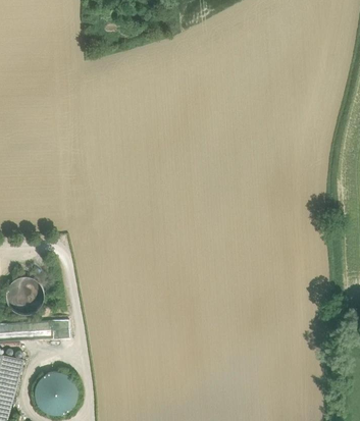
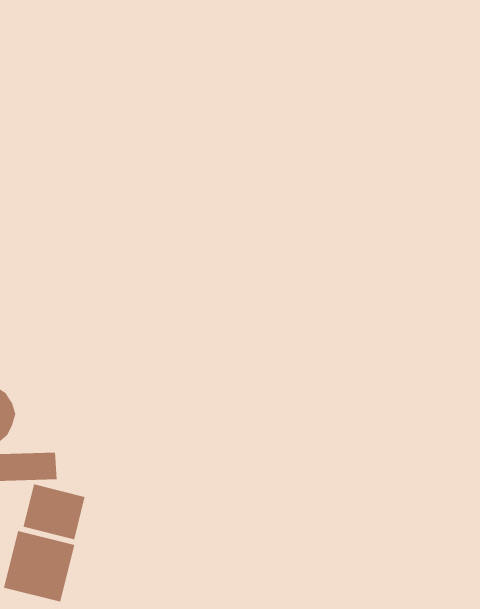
building: none -> [23,484,85,540]

